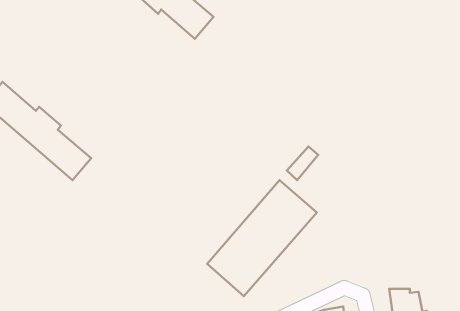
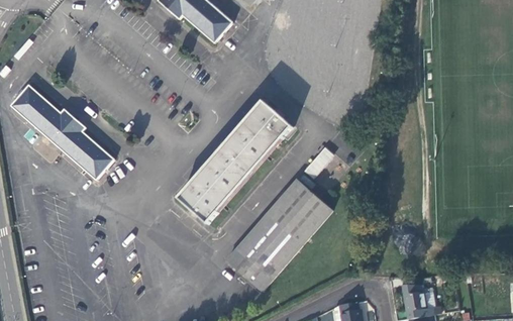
building: none -> [176,100,292,224]

